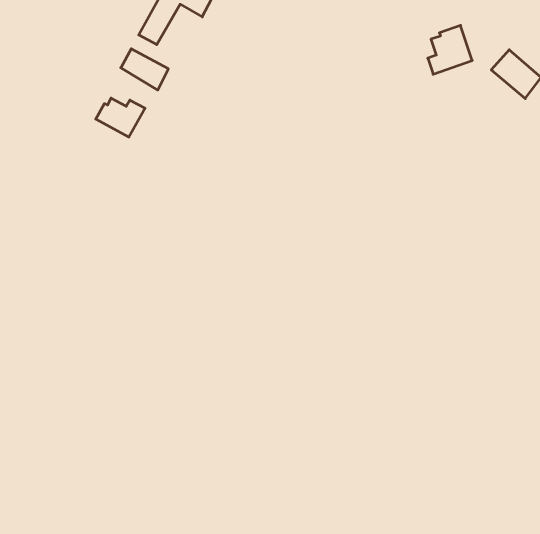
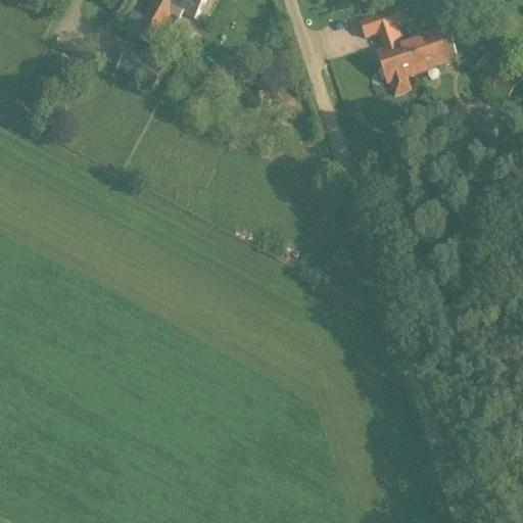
building: none -> [360,10,422,94]
building: [96,98,145,137] -> none

